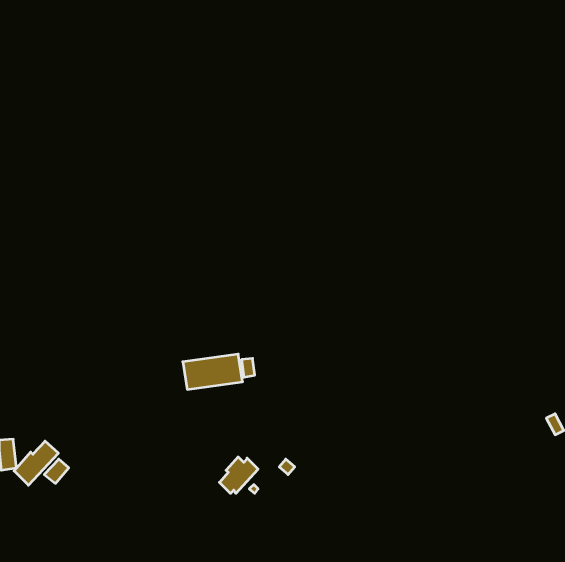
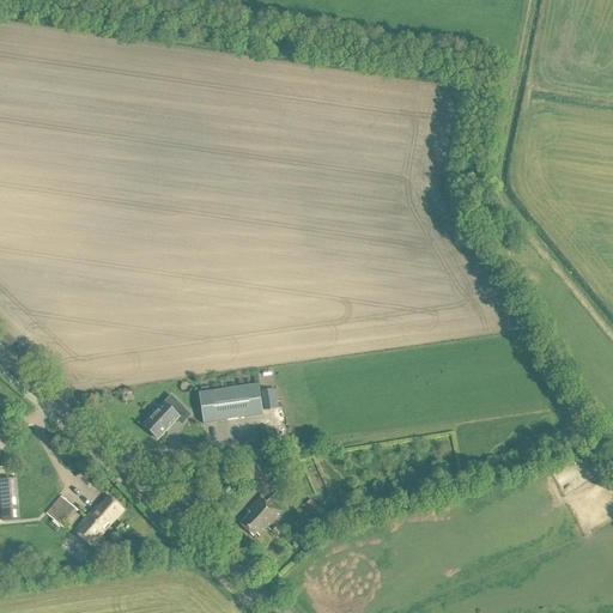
building: none -> [142,400,184,436]
building: [14,441,58,485] -> [72,496,120,544]

